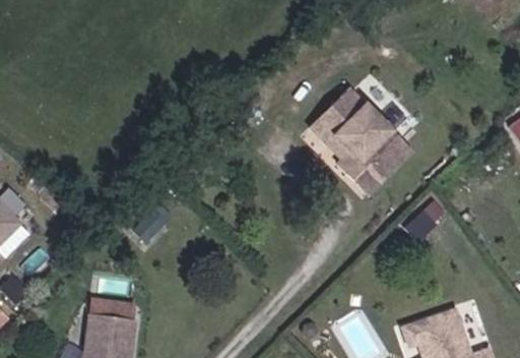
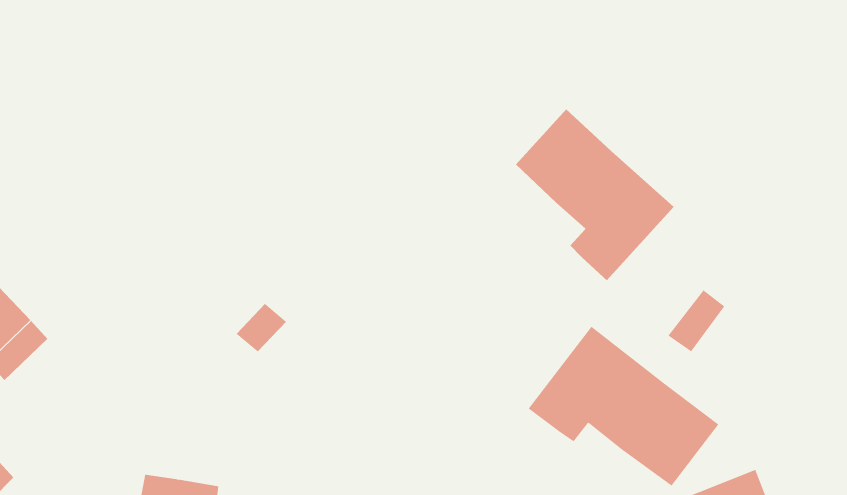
building: none -> [528,326,719,486]

